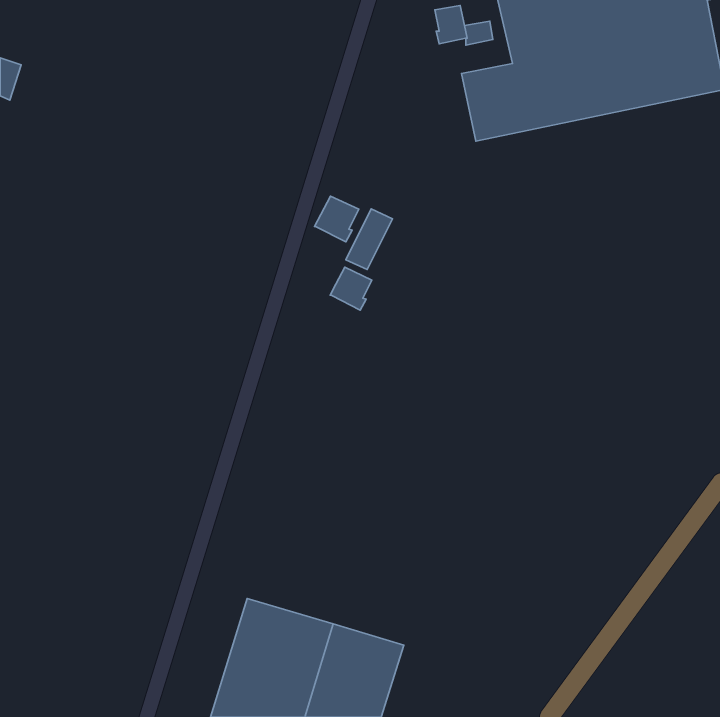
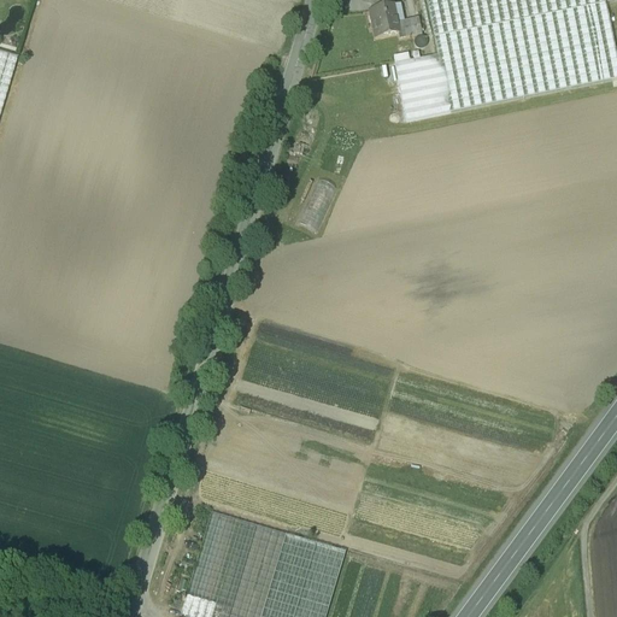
building: [315,196,359,242] -> none
building: [330,267,372,310] -> none

